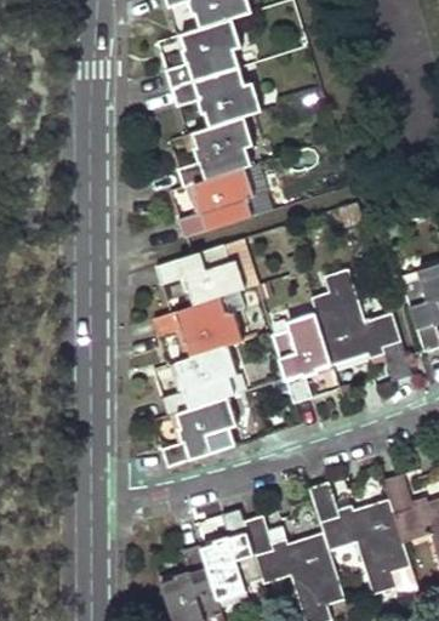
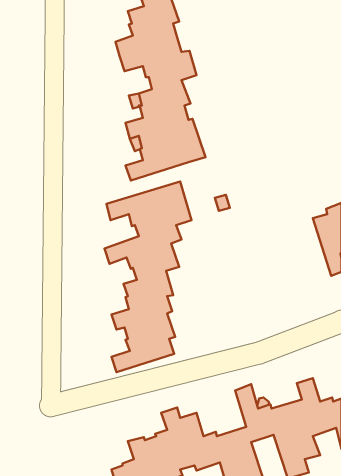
building: [270,269,411,403] -> none

